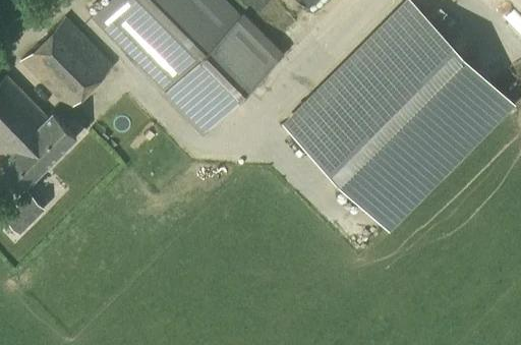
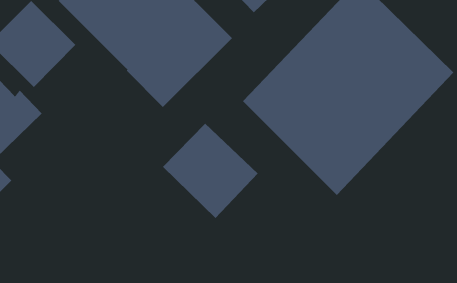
building: none -> [162,123,259,219]

